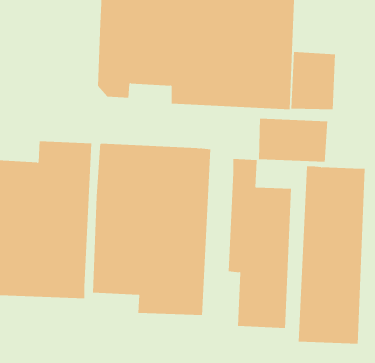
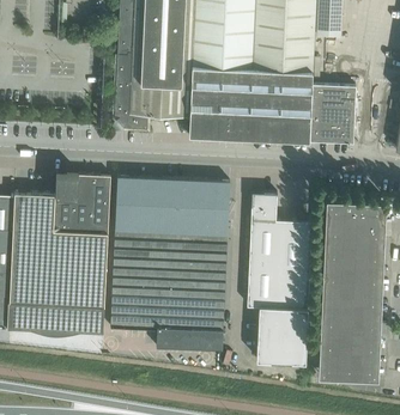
building: [258,118,328,162] -> none

